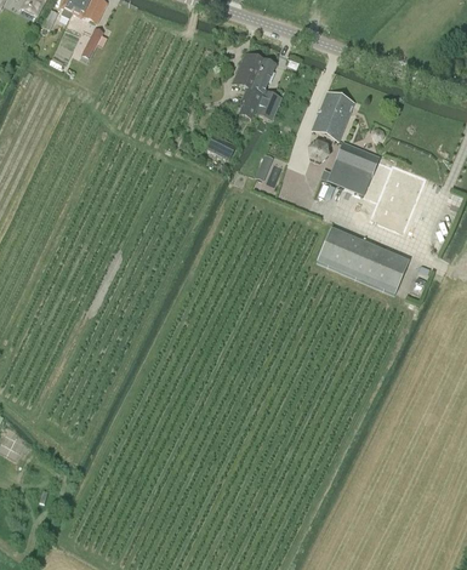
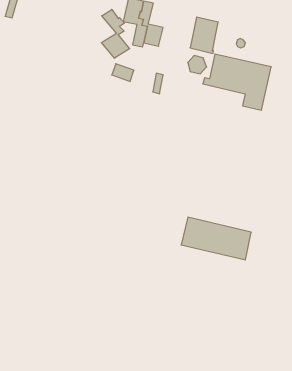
building: none -> [101,9,130,58]
building: [315,227,408,293] -> [181,217,251,260]

